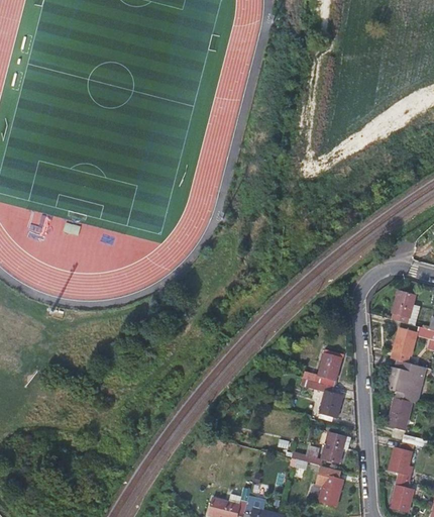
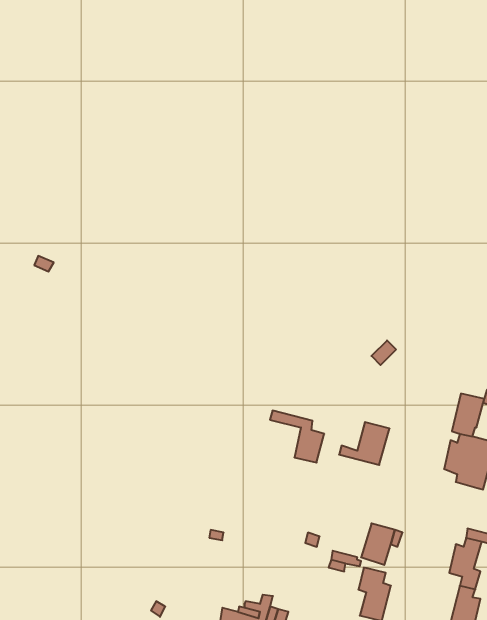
building: [391,292,414,324] -> none
building: [301,378,343,418] -> [270,411,324,463]
building: [387,399,412,430] -> none

